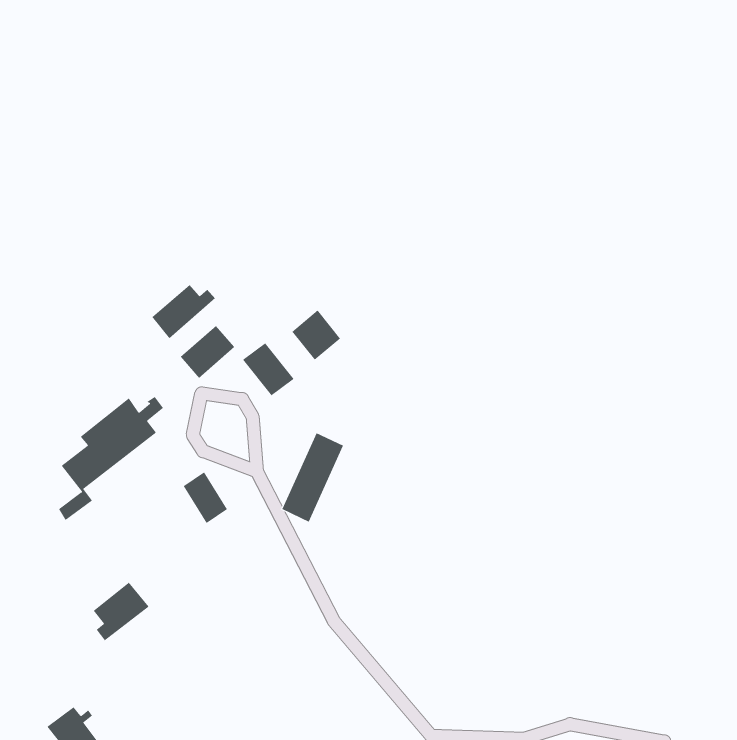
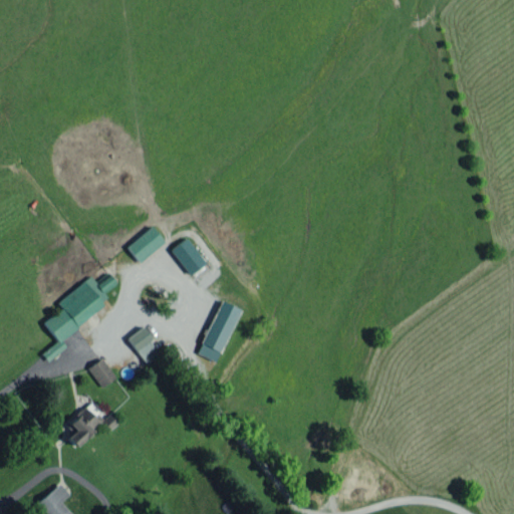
building: [151,284,216,339] -> none
building: [291,310,341,361] -> none
building: none -> [89,358,116,388]

